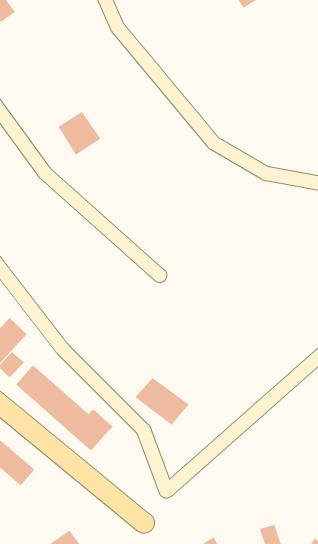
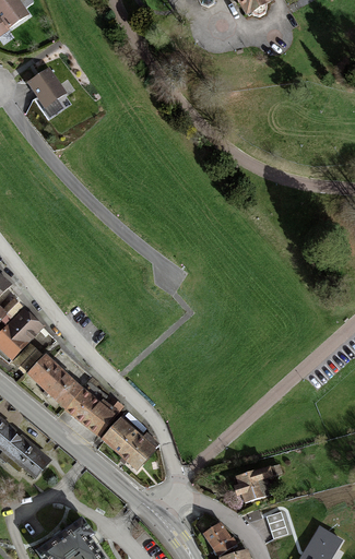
building: [57,111,101,156] -> [27,69,70,112]
building: [134,377,190,426] -> [100,420,154,467]
building: none -> [235,467,273,500]

